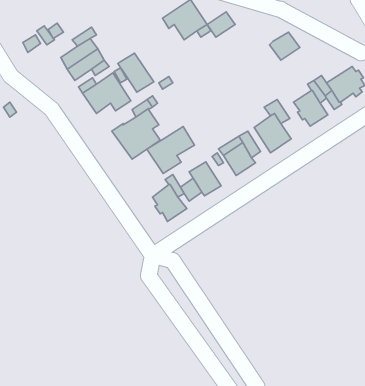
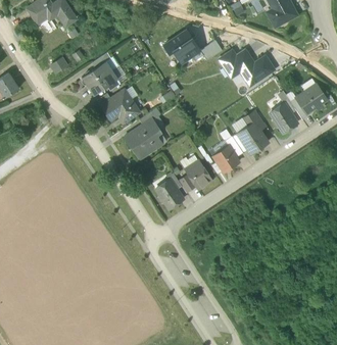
building: none -> [220,51,259,86]
building: [118,53,154,92] -> none
building: [147,126,194,174] -> none

